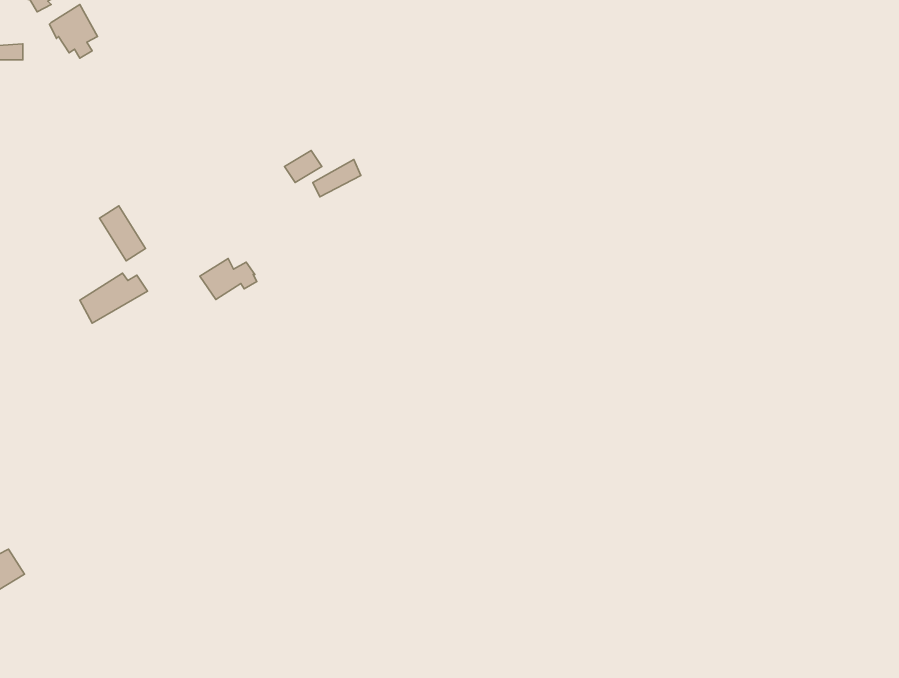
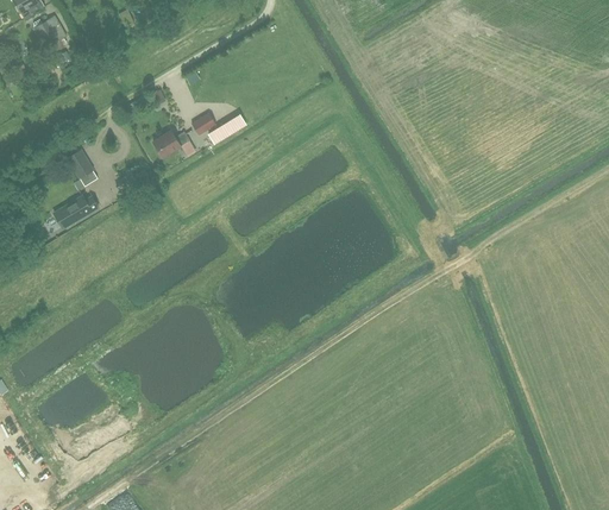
building: [200,259,257,299] -> [152,128,190,156]

